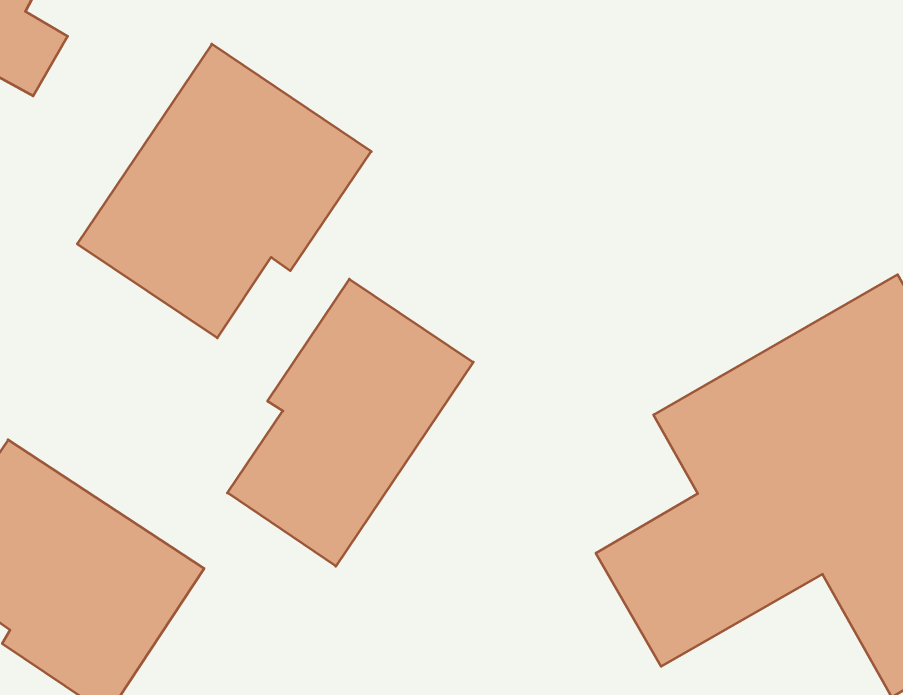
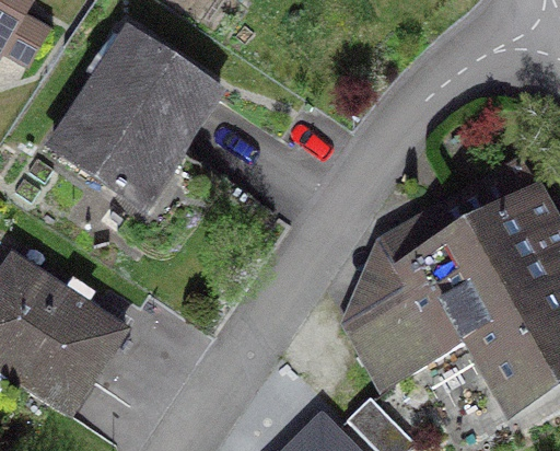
building: [227,279,473,566] -> none

